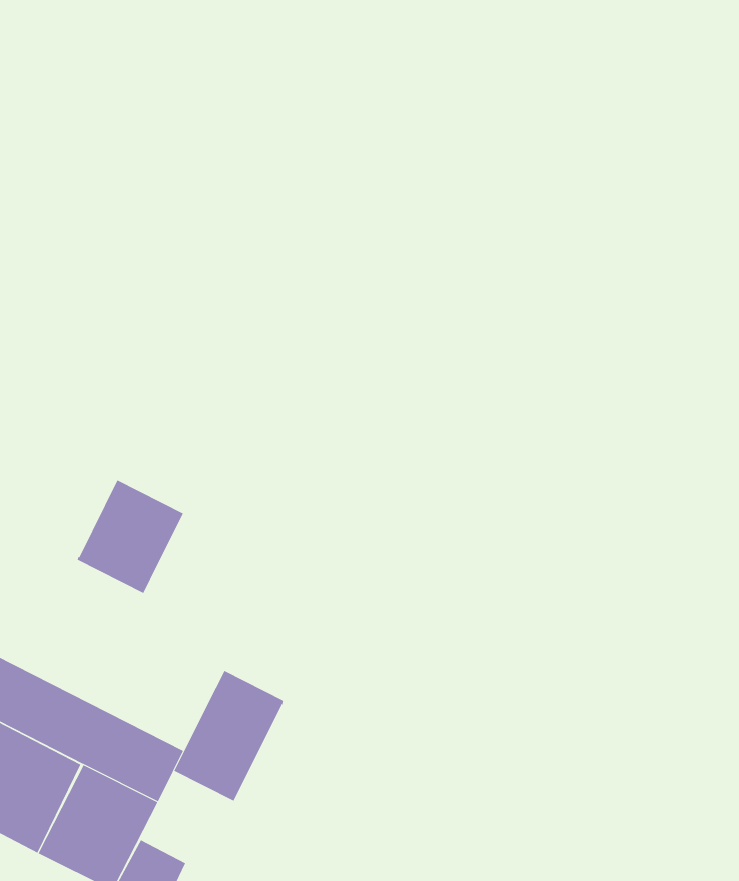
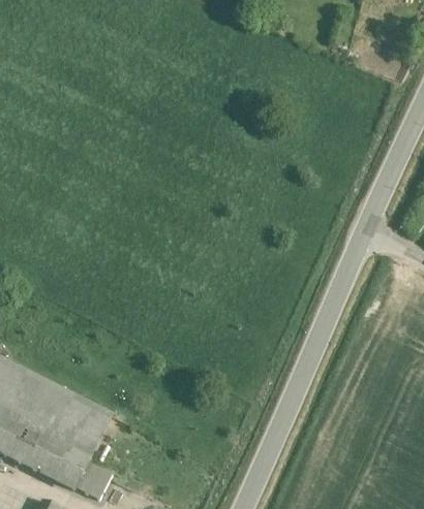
building: [77,480,183,594] -> none
building: [174,670,284,802] -> none

